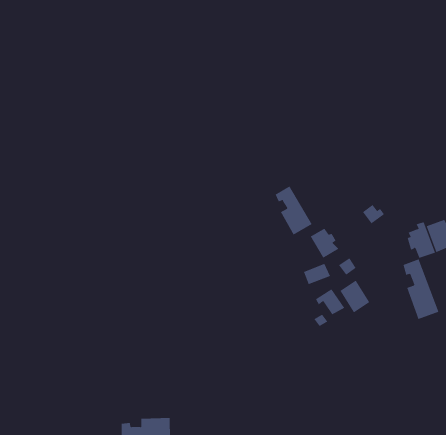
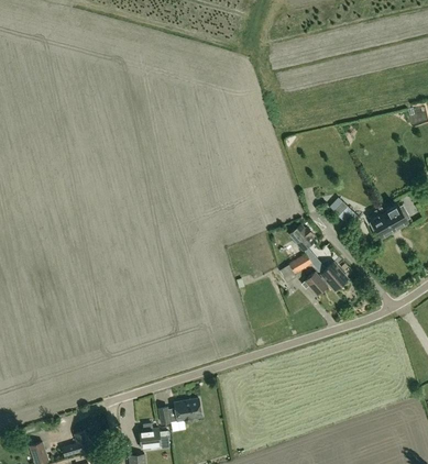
building: [275,186,313,235] -> none
building: [403,258,439,320] -> none

